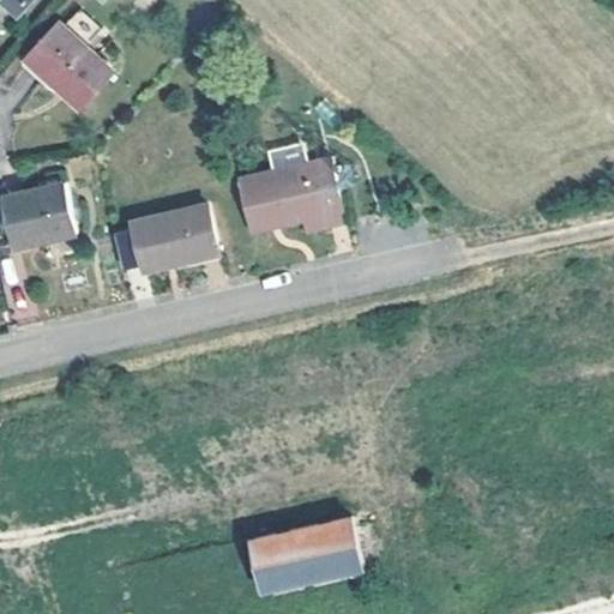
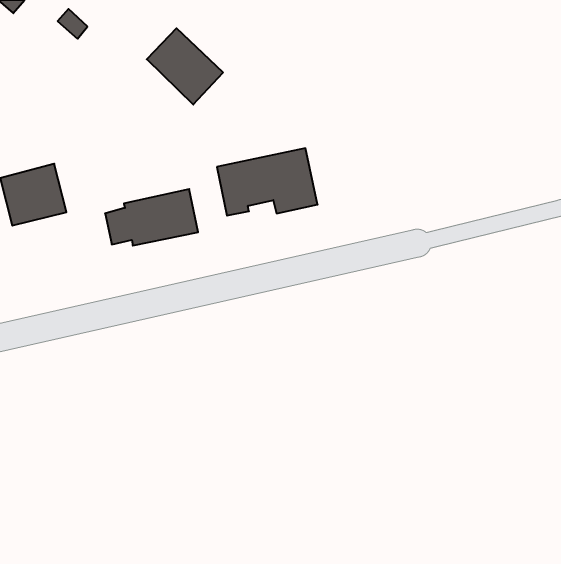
building: [28,25,110,108] -> [147,28,223,105]
building: [251,522,360,594] -> none

